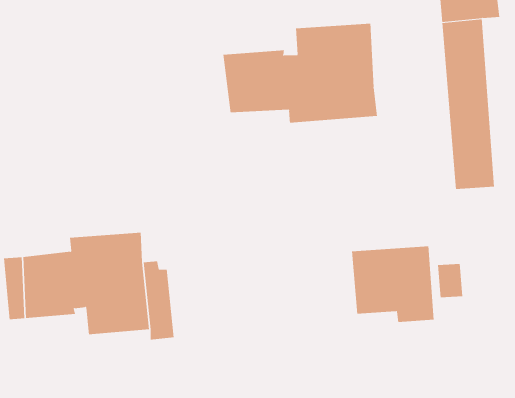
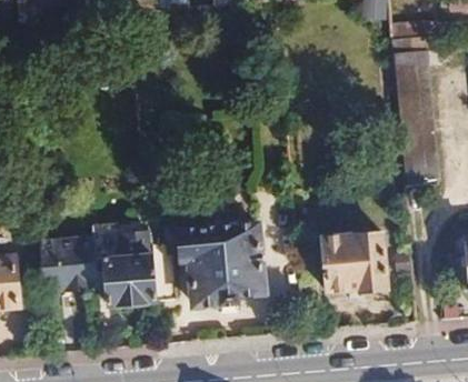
building: [223,23,378,124] -> none
building: none -> [180,238,265,305]

